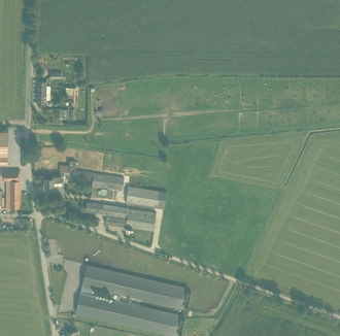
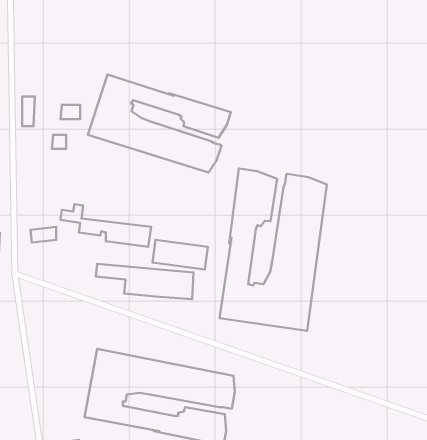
building: none -> [88,74,231,173]
building: none -> [220,169,327,331]

